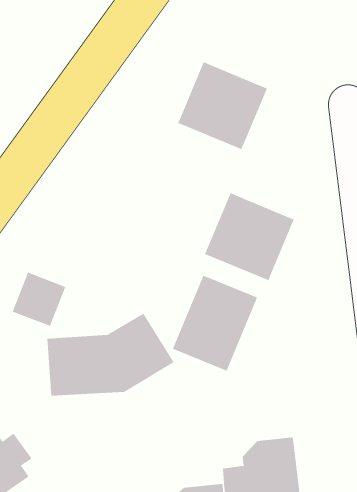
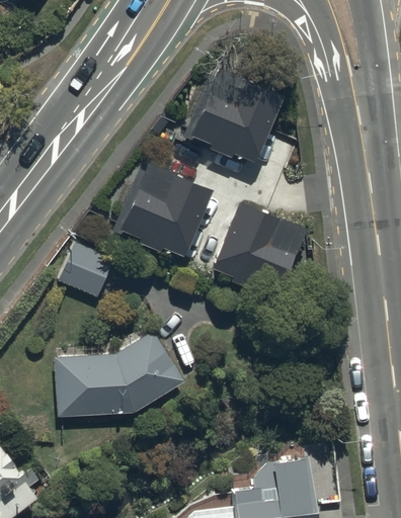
building: none -> [117,168,210,258]
building: [12,272,66,327] -> [58,241,113,296]
building: [172,275,258,371] -> none

